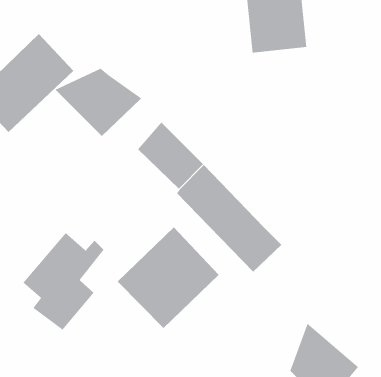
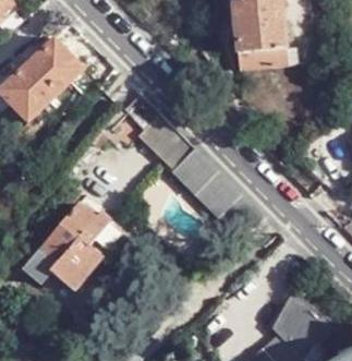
building: [55,68,142,137] -> none
building: [117,226,219,329] -> none

